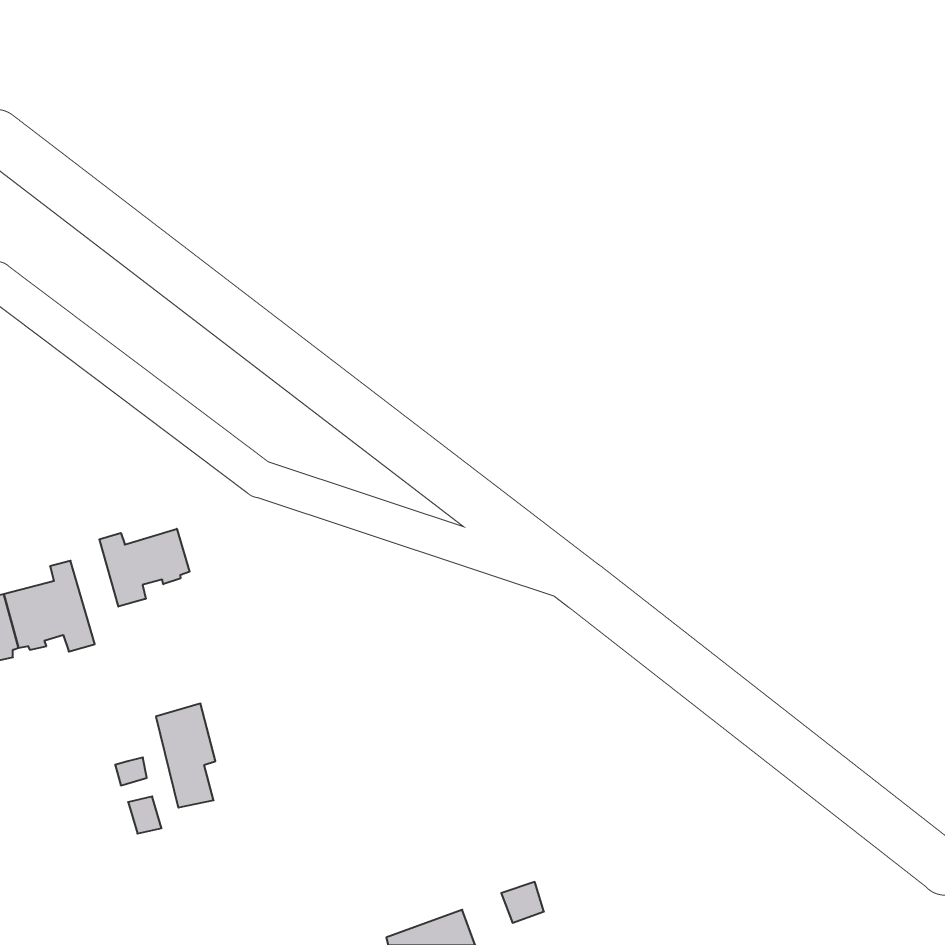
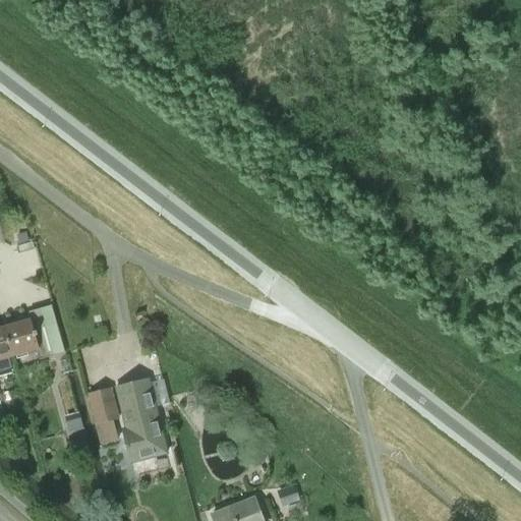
building: [99,529,190,607] -> none
building: none -> [122,380,165,460]

